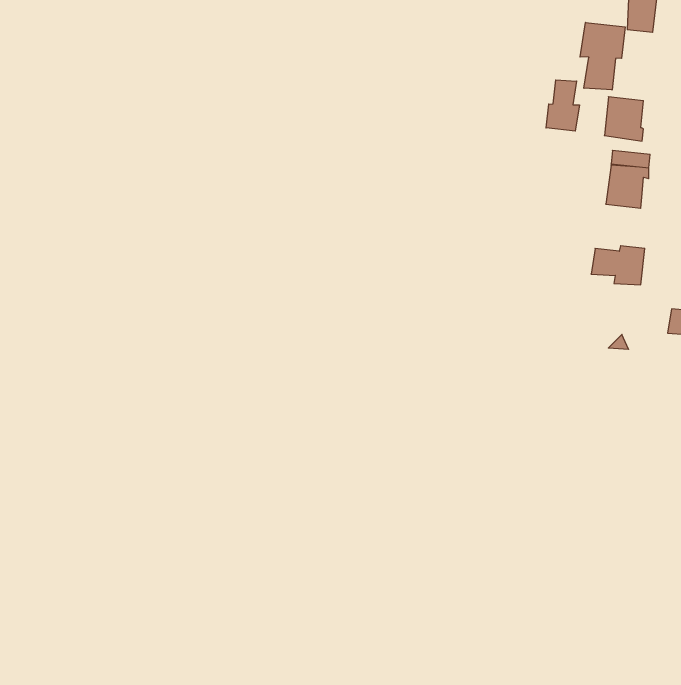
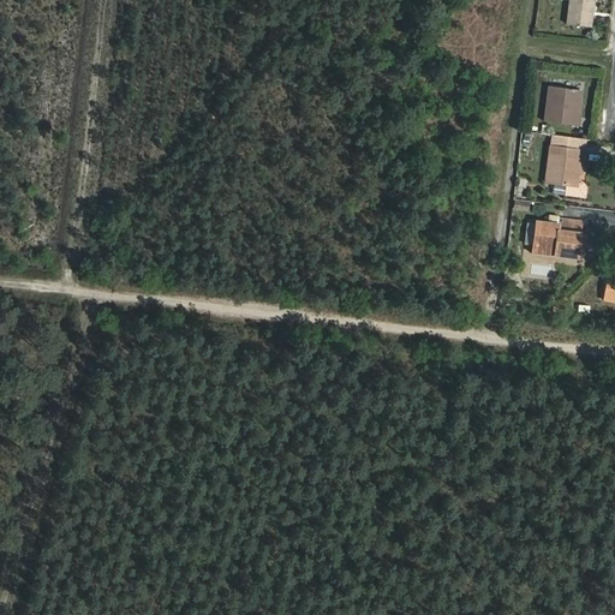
building: [580,22,625,90] -> none
building: [546,80,579,131] -> none

